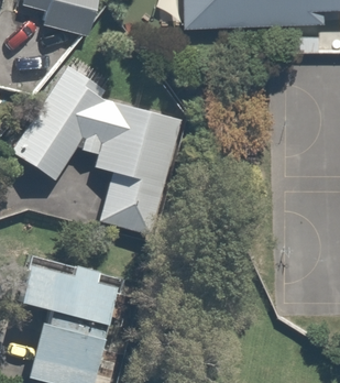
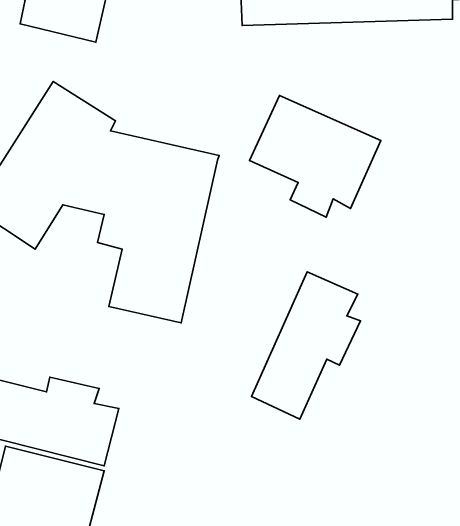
building: none -> [250,96,381,217]
building: none -> [251,272,360,419]

